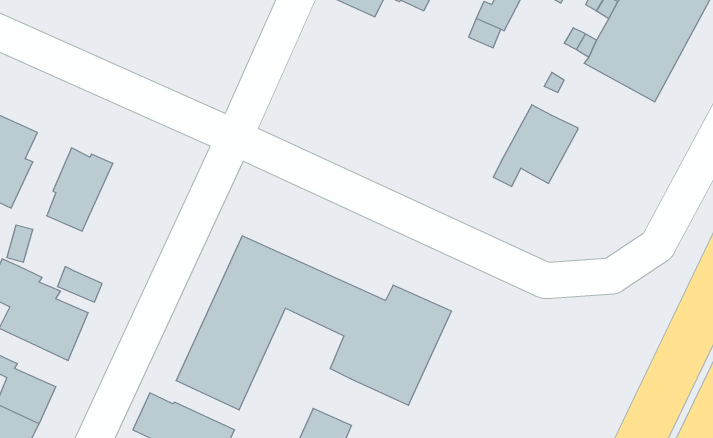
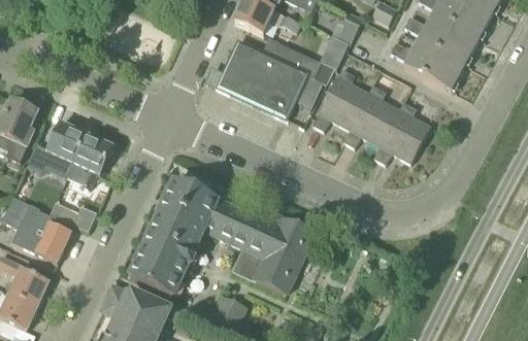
building: none -> [217,36,334,118]
building: none -> [311,74,368,130]
building: none -> [373,108,431,163]
building: none -> [67,131,112,186]

